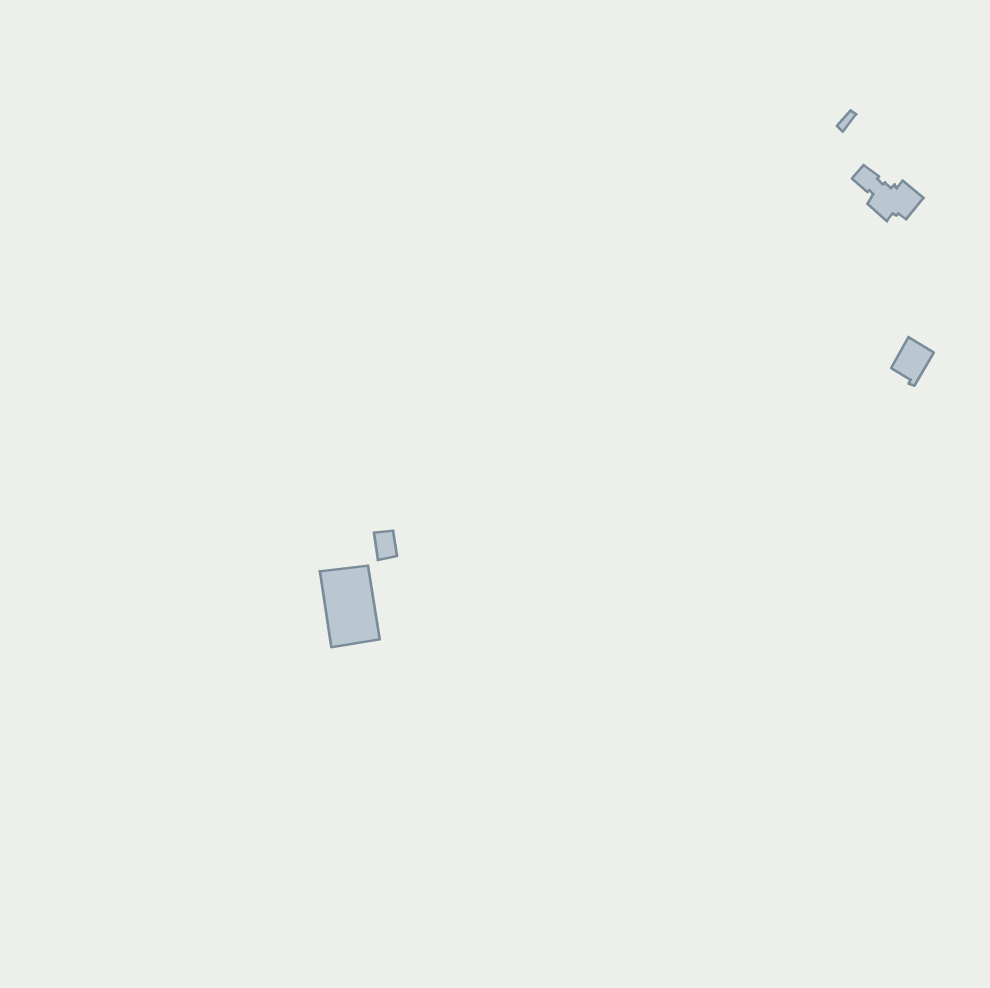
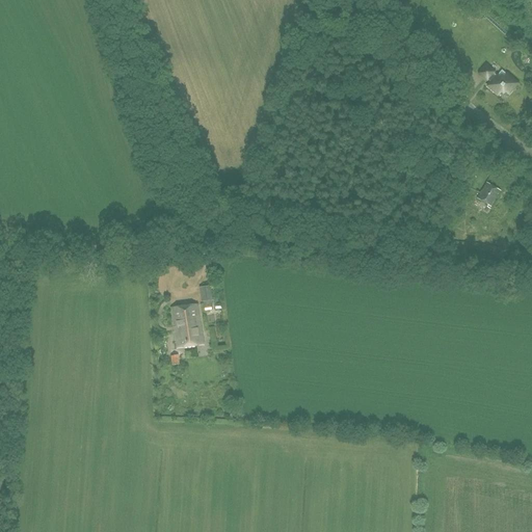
building: [852,165,924,221] -> [479,64,517,95]

